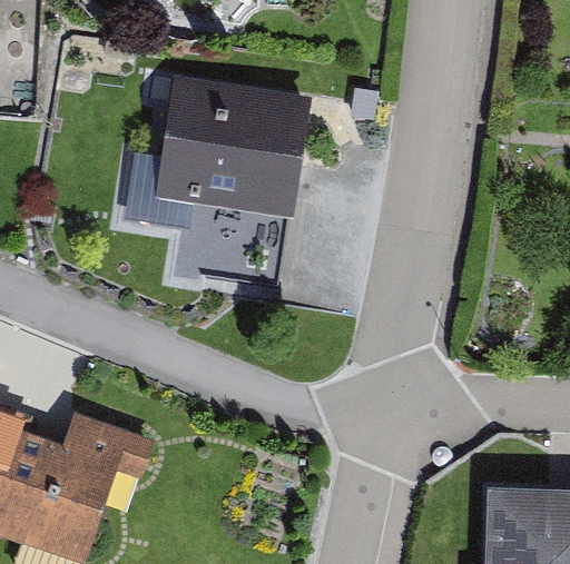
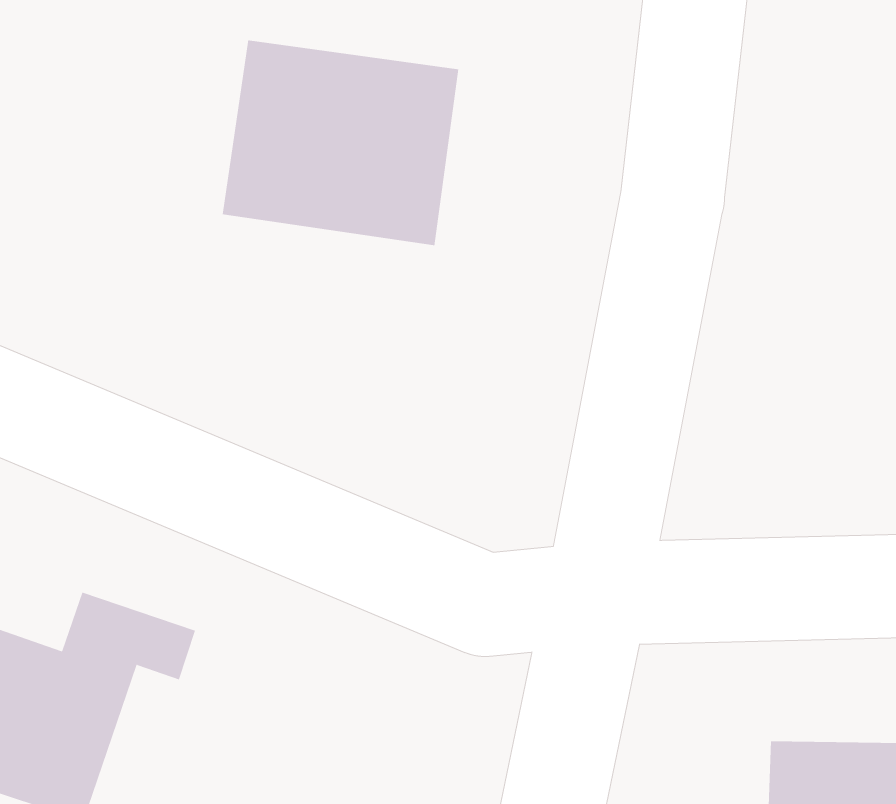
building: [184,209,279,284] -> none

